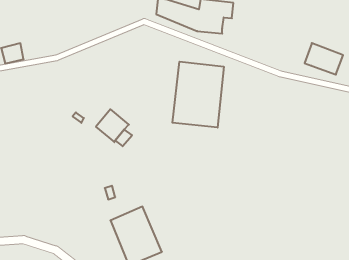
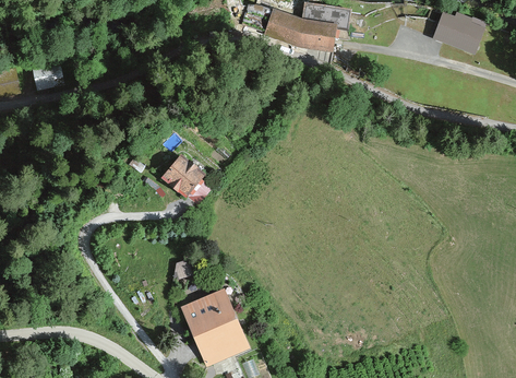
building: [305,43,343,75] -> [431,12,483,55]
building: [172,62,224,128] -> none

